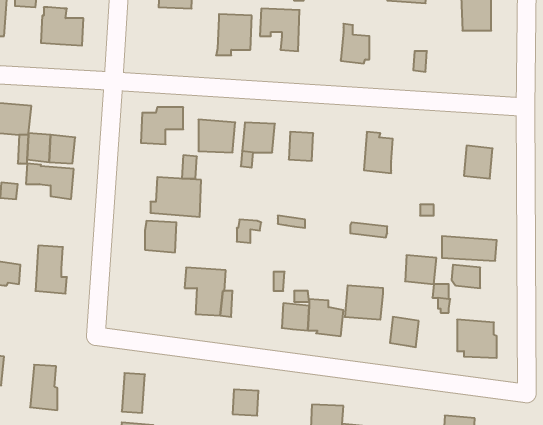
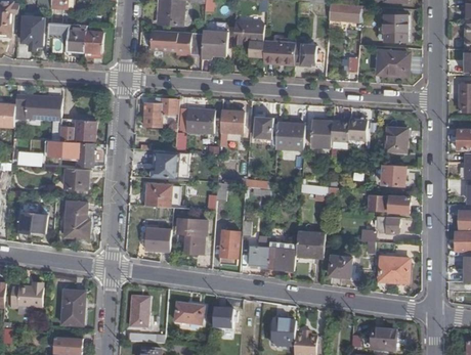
building: none -> [149,29,202,54]
building: none -> [263,41,295,62]
building: none -> [377,52,406,75]
building: none -> [331,118,367,140]
building: none -> [275,123,304,149]
building: none -> [63,168,88,191]
building: [405,255,436,284] -> [382,164,405,185]
building: none -> [142,227,171,251]
building: none -> [219,228,239,264]
building: none -> [174,304,202,324]

